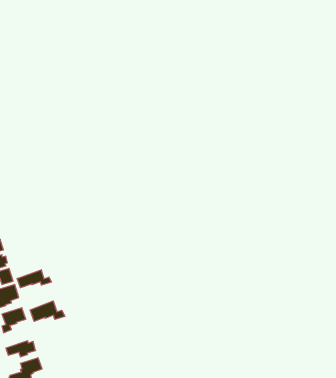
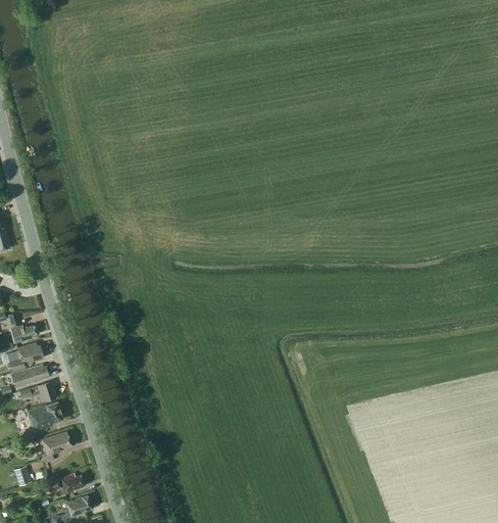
building: [17,270,51,288] -> none
building: [30,301,65,321] -> none

